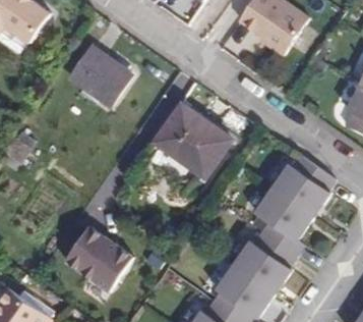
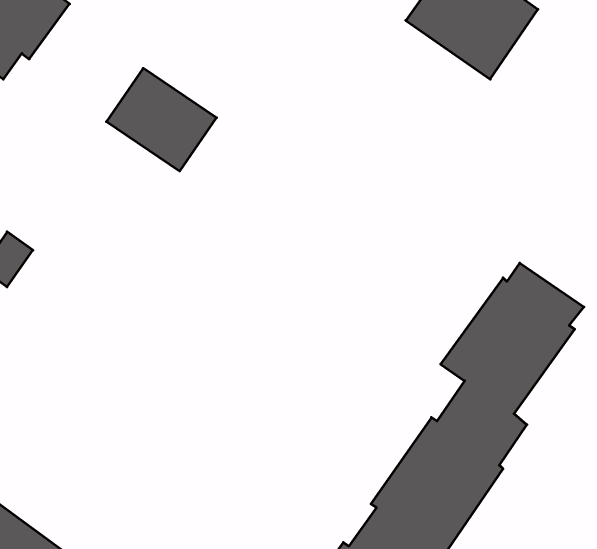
building: [154,103,232,177] -> none
building: [62,221,133,290] -> none

